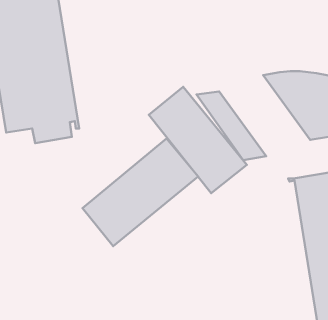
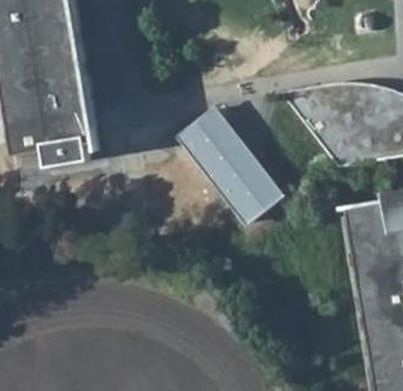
building: [196,91,266,160] -> [281,88,362,167]
building: [82,138,198,246] -> none

